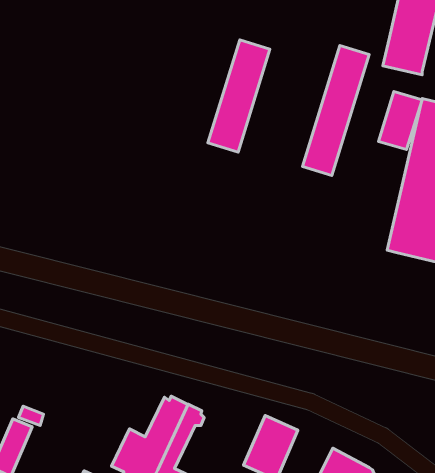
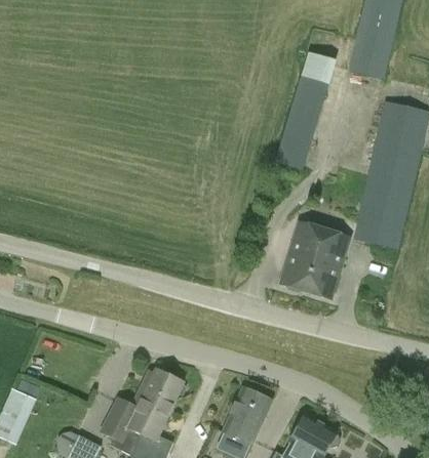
building: [208,40,270,152] -> none
building: [378,92,422,150] -> none
building: none -> [280,223,348,298]

